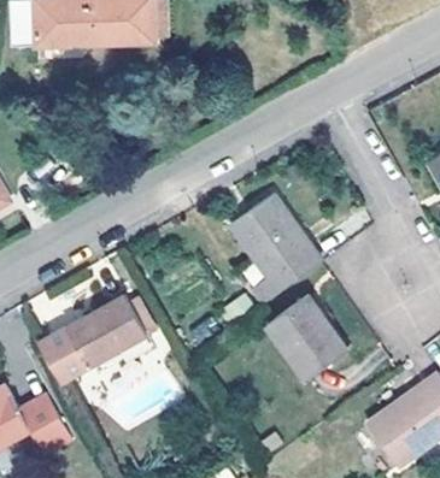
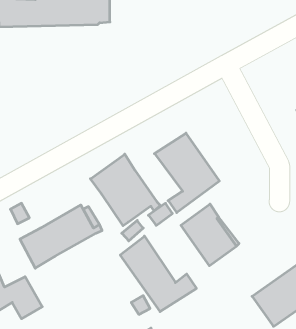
building: none -> [90,154,161,226]
building: none -> [120,236,196,312]

